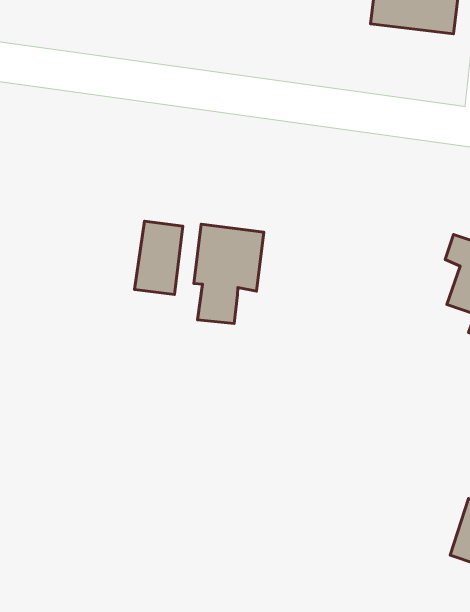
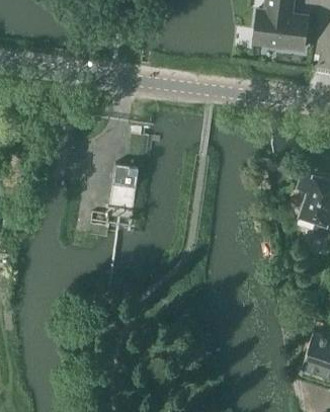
building: [194,224,264,324] -> none

